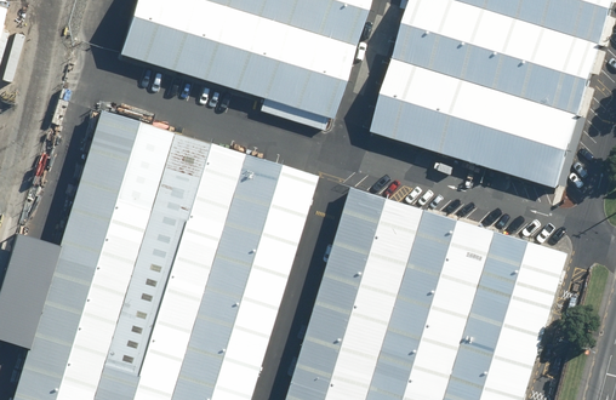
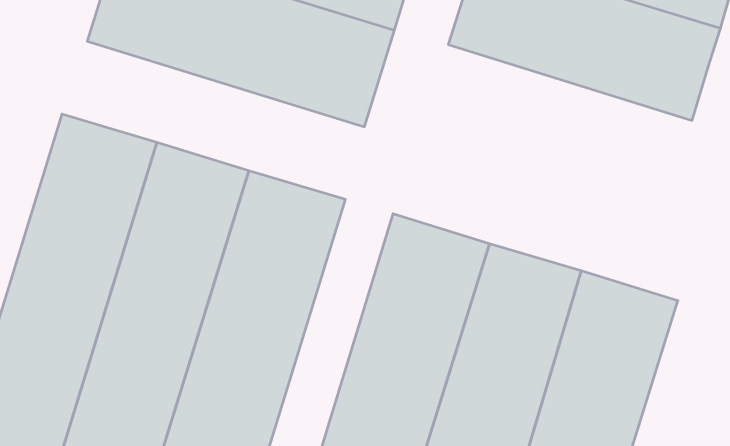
building: [371,57,581,189] -> none

